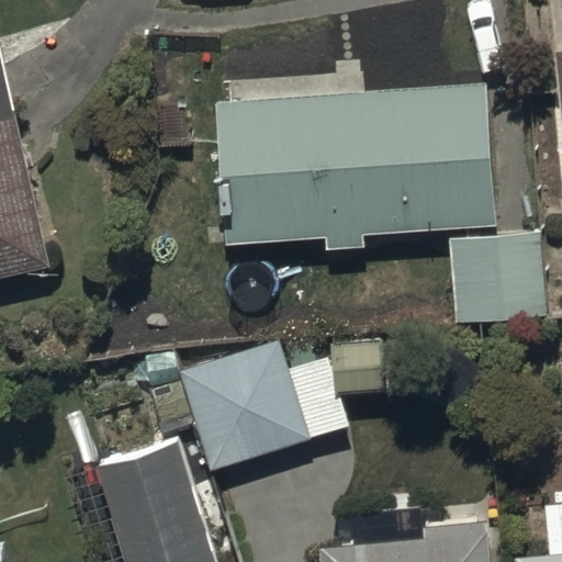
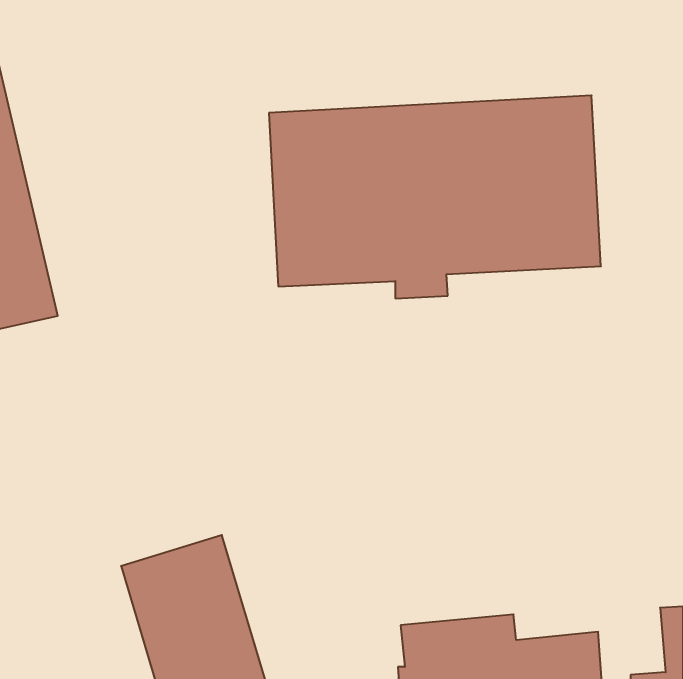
building: [450,236,550,328] -> none
building: [148,339,384,473] -> none

